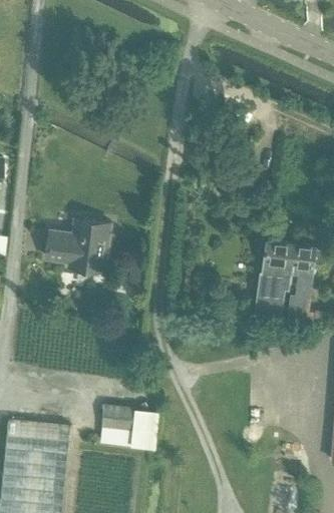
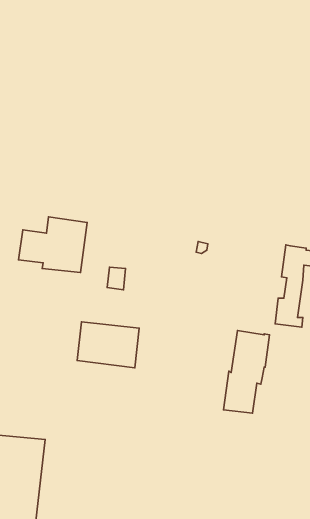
building: [254,241,297,319] -> [224,331,270,413]
building: [101,406,159,449] -> [77,322,139,368]

